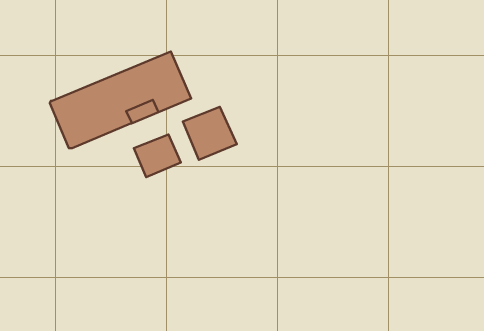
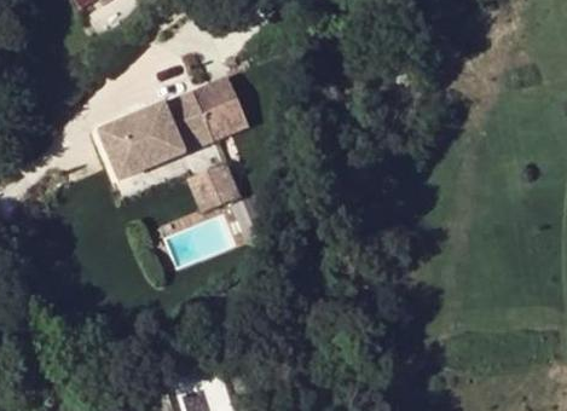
building: [183,107,237,160] -> none

